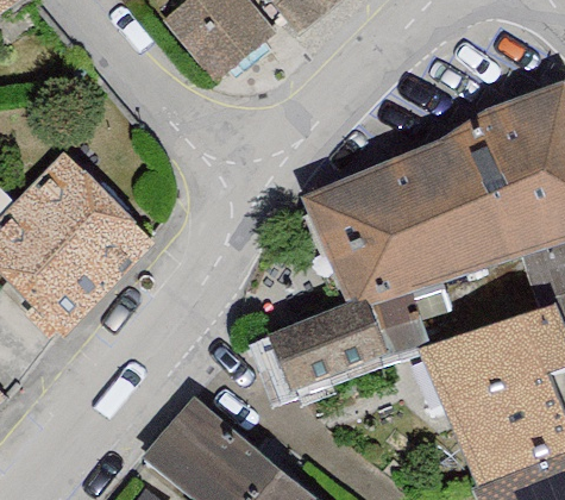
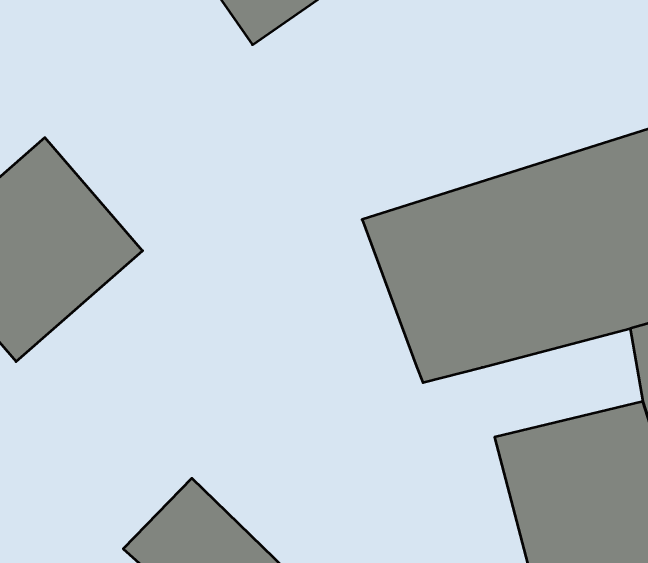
building: [277,299,425,389] -> none

